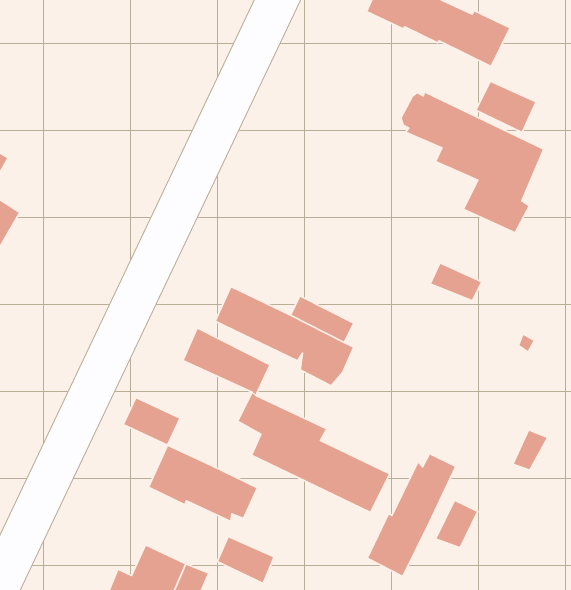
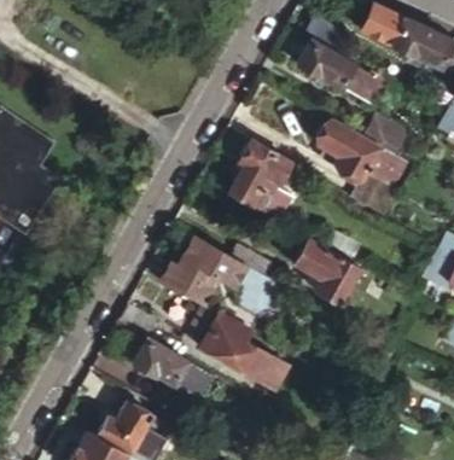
building: none -> [216,127,281,214]
building: none -> [296,239,362,307]
building: [367,454,456,577] -> none

